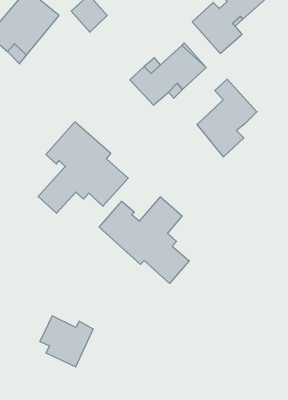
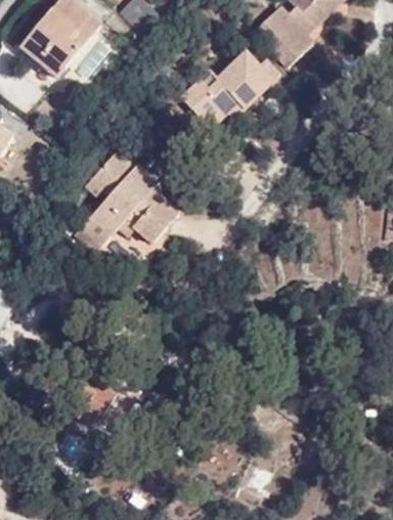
building: [197,79,257,157] -> none
building: [99,197,189,283] -> none

